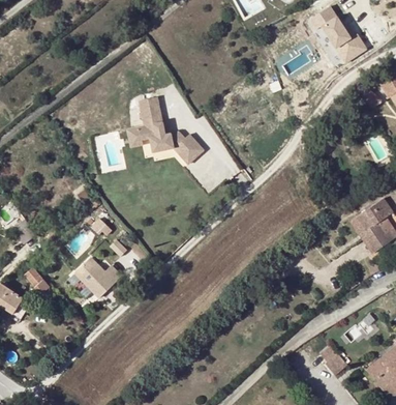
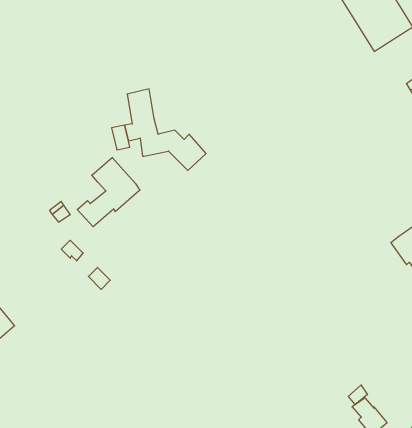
building: none -> [77,157,140,227]
building: [75,259,115,298] -> none

